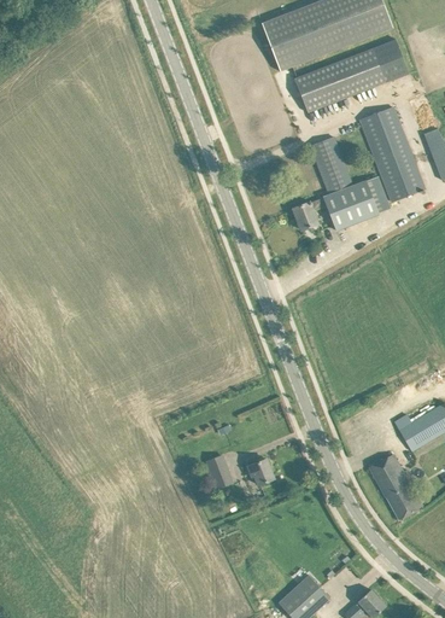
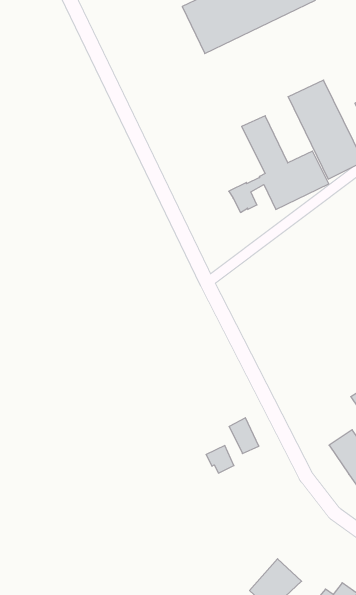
building: [293,37,409,111] -> none
building: [205,453,233,488] -> [229,418,259,454]

